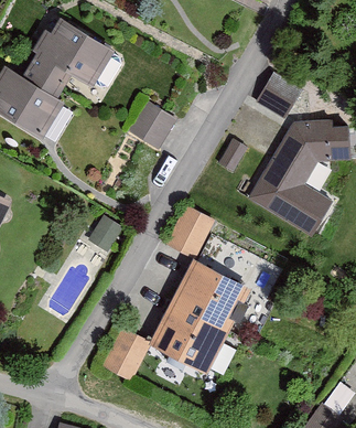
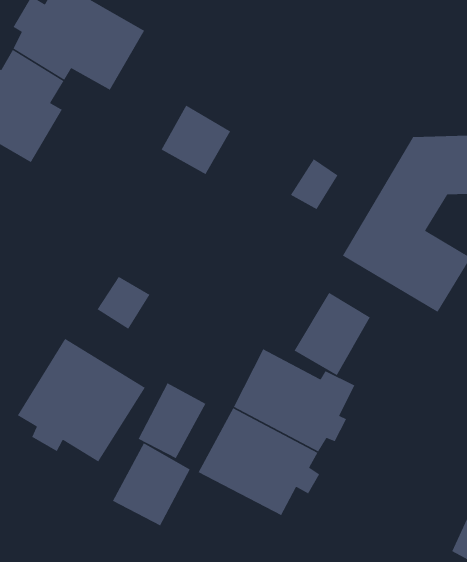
building: [253,75,300,120] -> none
building: [163,204,214,259] -> [293,292,371,376]
building: none -> [17,338,146,463]
building: none -> [138,382,206,459]

